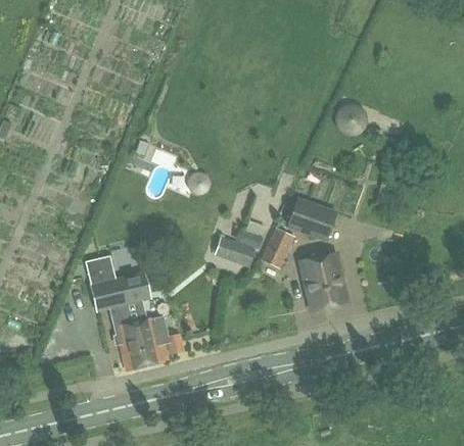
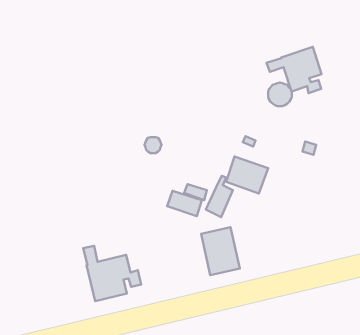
building: none -> [267,47,322,93]
building: [300,253,347,311] -> [201,227,240,275]
building: [86,256,150,309] -> none

